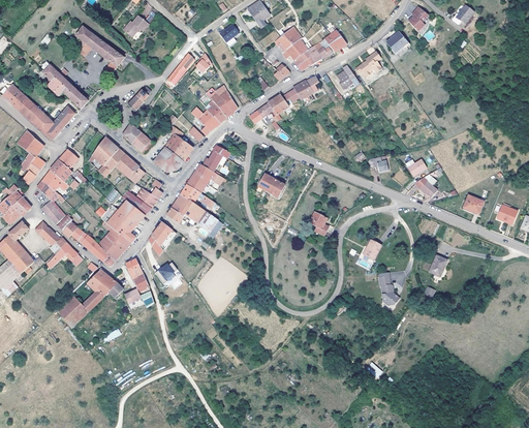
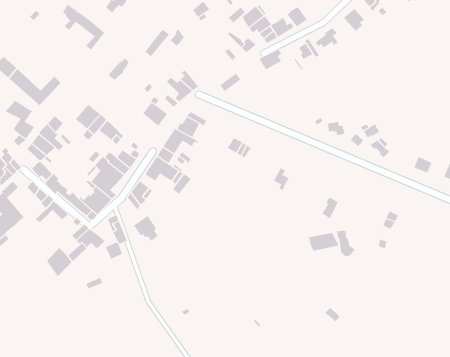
building: [41,64,88,108] -> none
building: [206,84,237,117] -> none
building: [267,89,300,114] -> none
building: [122,122,152,151] -> none
building: [153,147,182,172] -> none
building: none -> [308,232,339,252]

